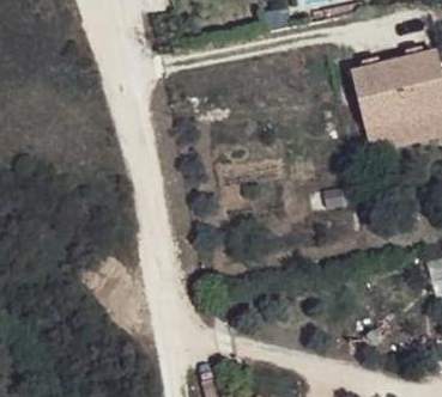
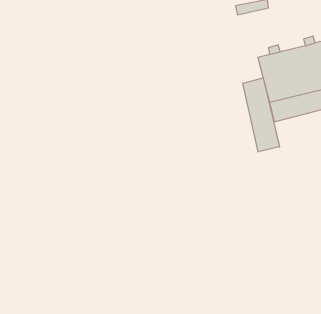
building: none -> [243,78,280,152]

